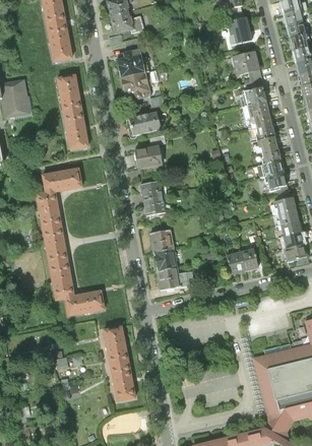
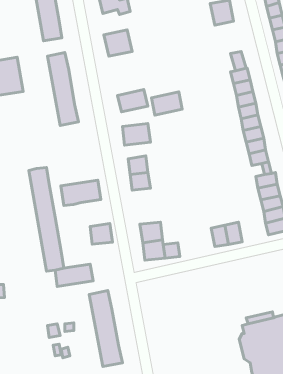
building: [232,51,258,76] -> none
building: [120,71,149,99] -> none
building: none -> [152,92,182,115]
building: [42,167,83,193] -> [61,180,101,205]
building: [150,230,174,251] -> [90,224,113,244]

